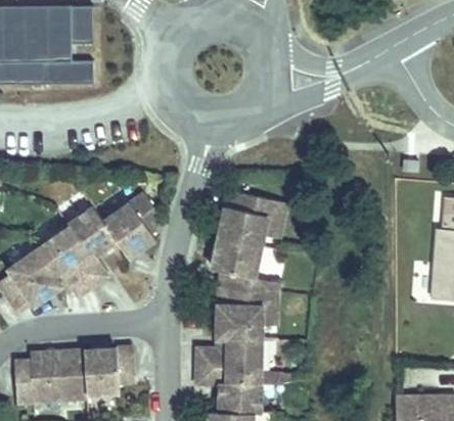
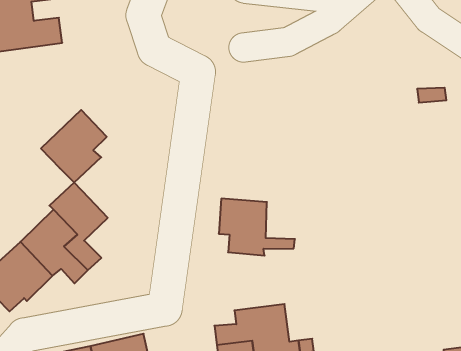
building: [217,189,283,244] -> none
building: [100,191,160,254] -> [41,110,107,183]
building: [216,284,275,336] -> none

